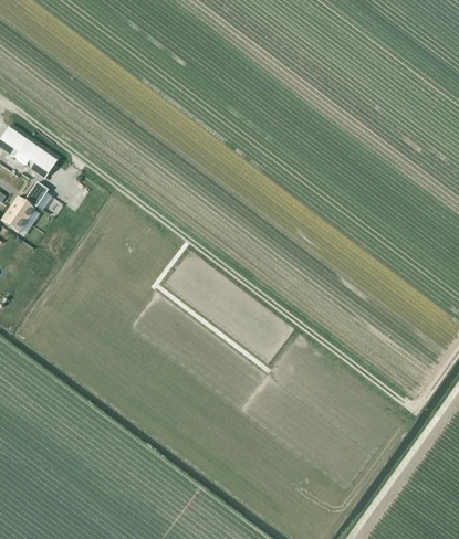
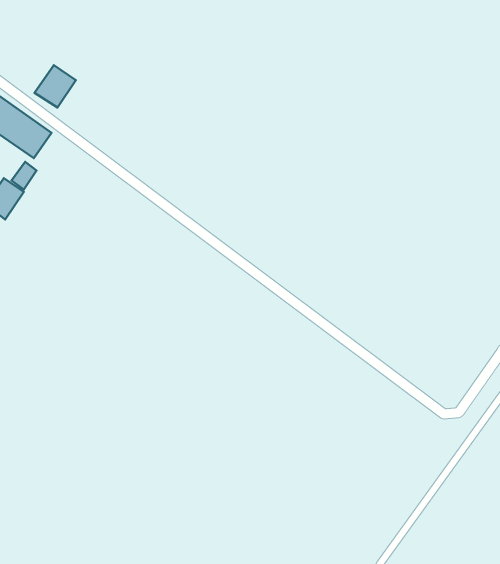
building: none -> [34,65,76,108]

